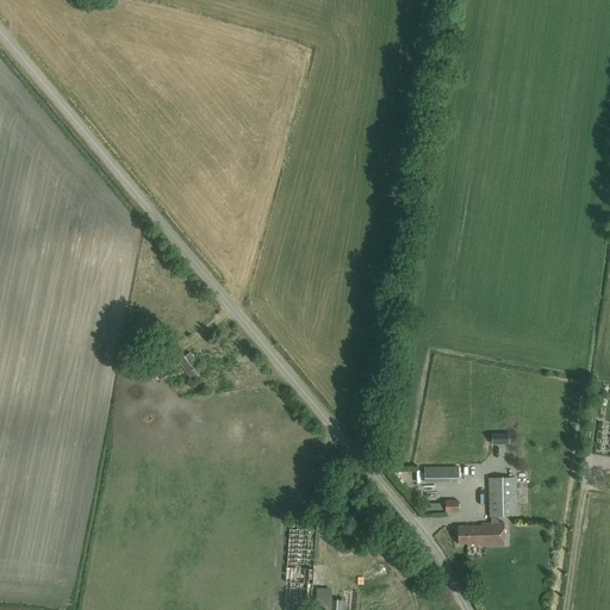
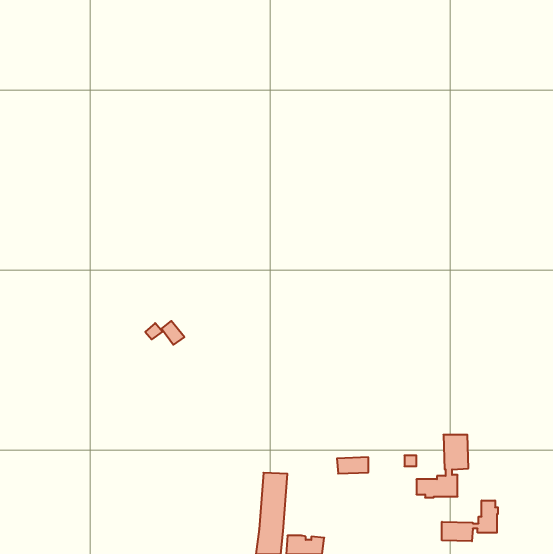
building: [423,466,458,484] -> [337,457,368,474]
building: none -> [442,500,498,541]

